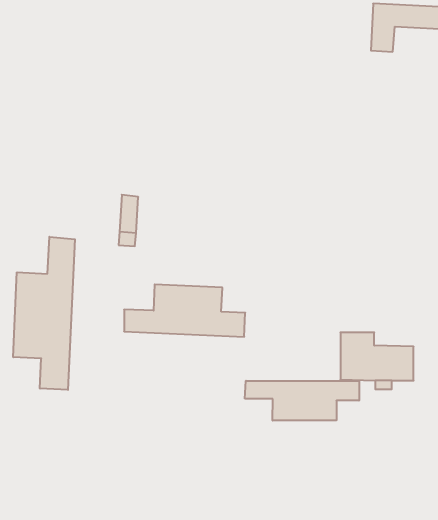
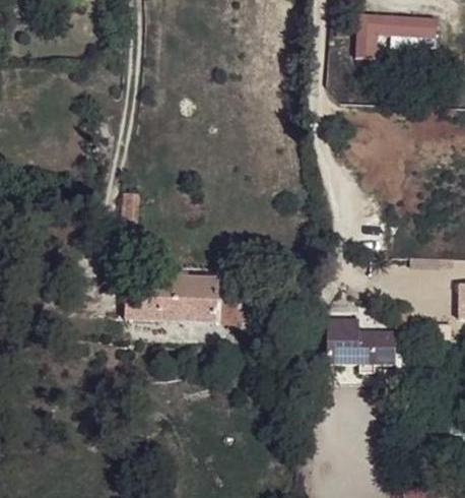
building: [13,237,75,390] -> none
building: [245,381,359,421] -> none

